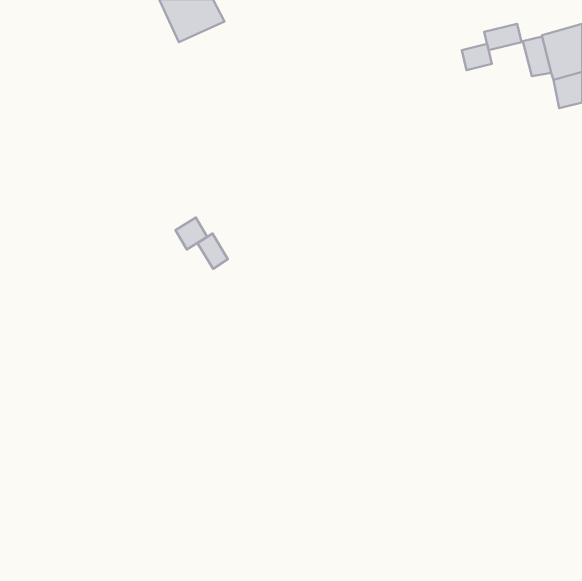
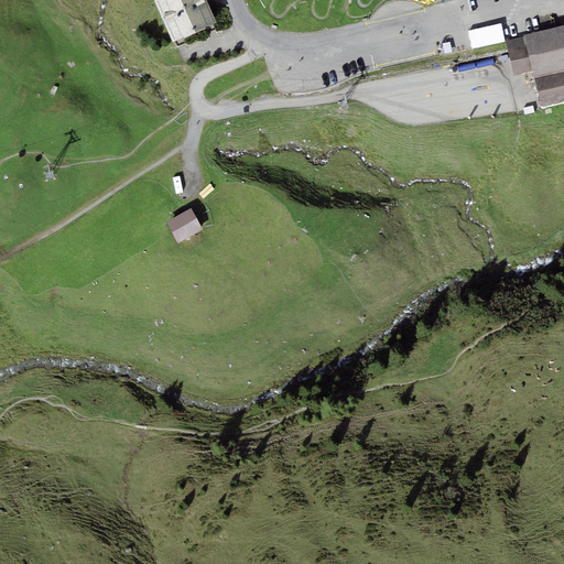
building: [462,44,492,70] -> none
building: [198,234,228,269] -> none

